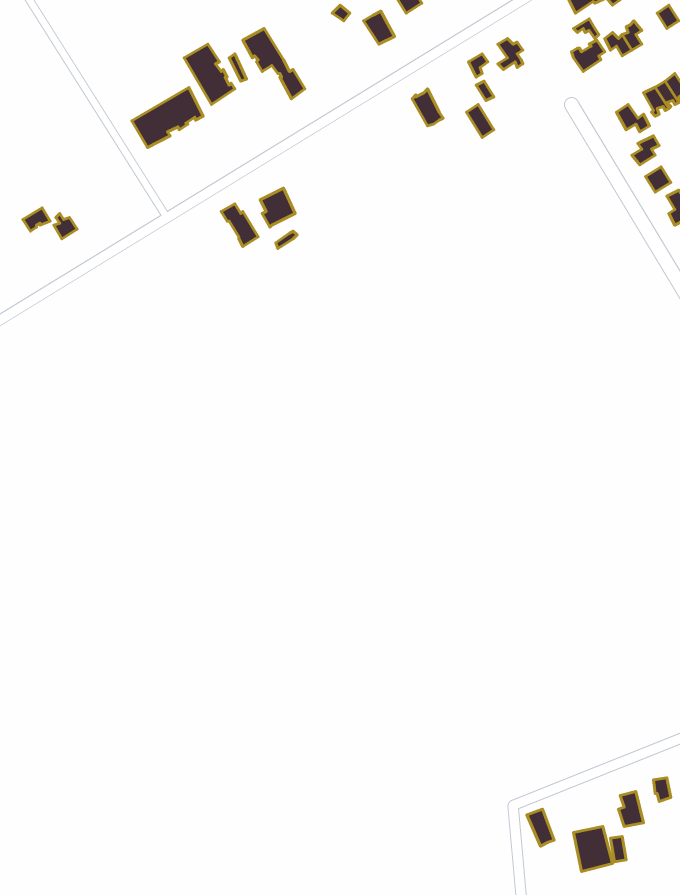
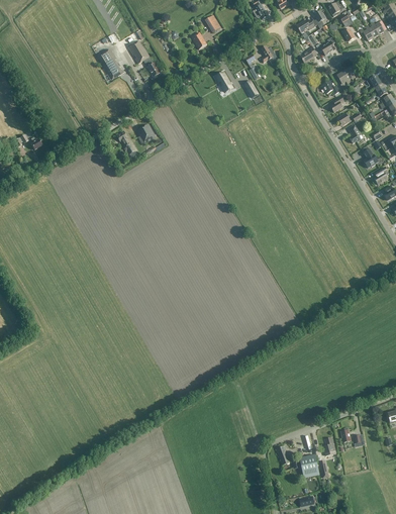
building: [132,88,203,148] -> none

